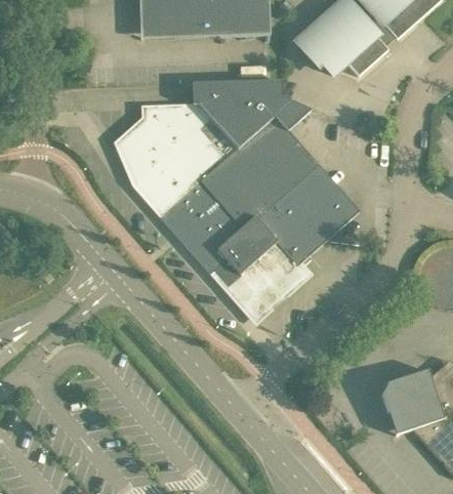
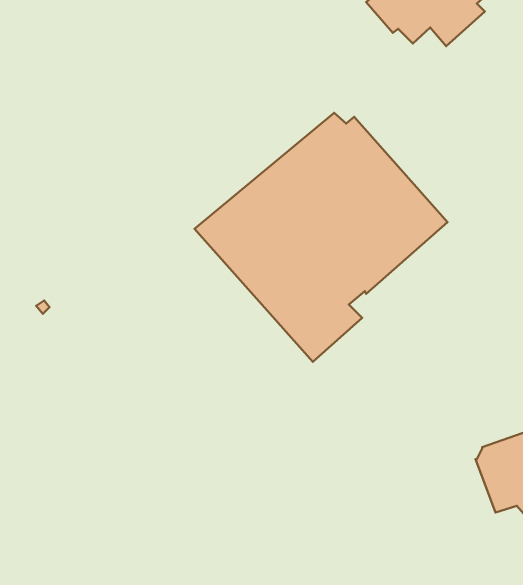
building: [118,79,308,215] -> none

